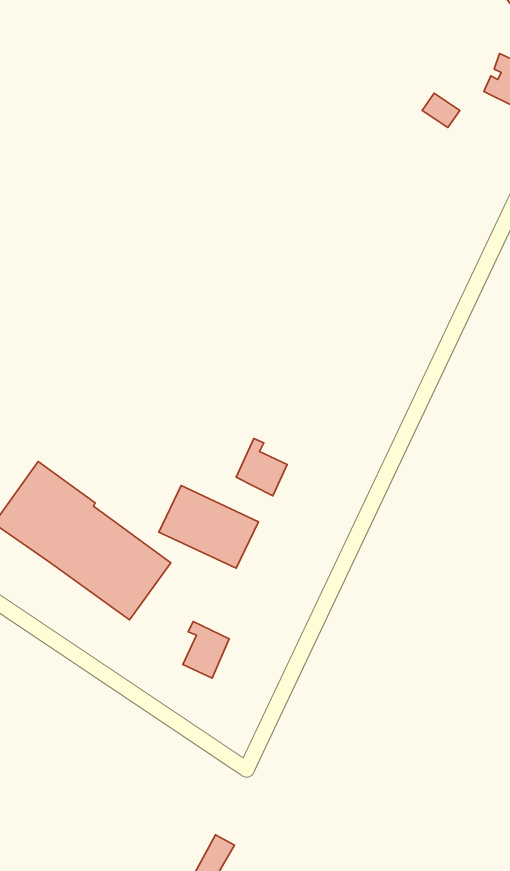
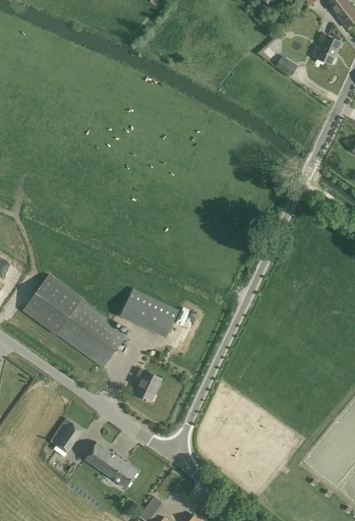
building: [236,438,287,496] -> none
building: none -> [50,418,82,452]
building: none -> [83,442,137,487]

